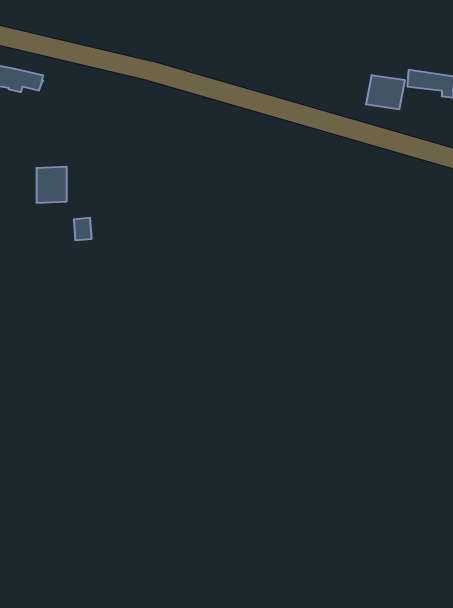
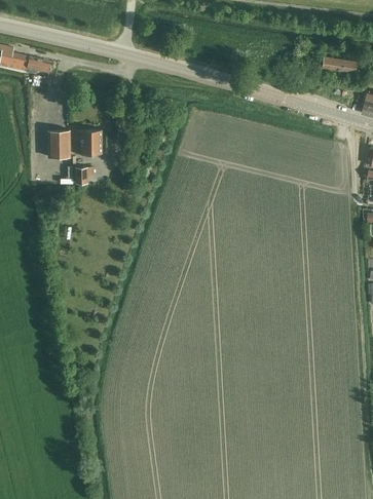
building: [366,75,405,109] -> none
building: none -> [74,128,101,153]

